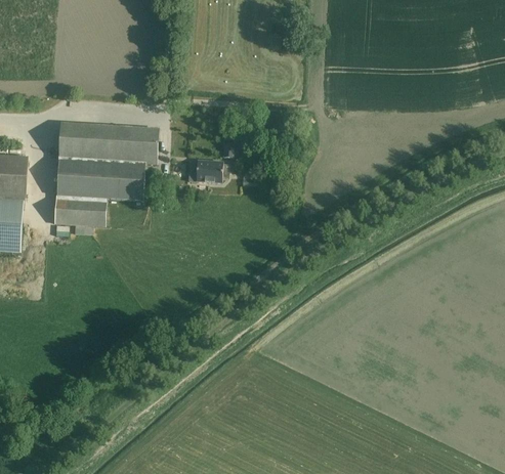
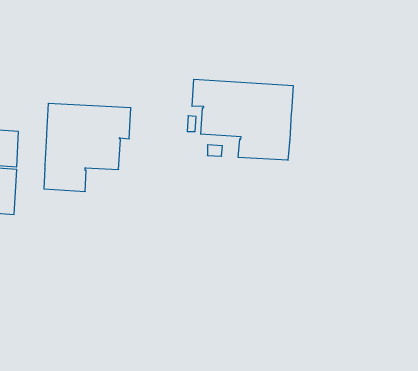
building: none -> [192,79,293,160]
building: [187,159,227,181] -> none

